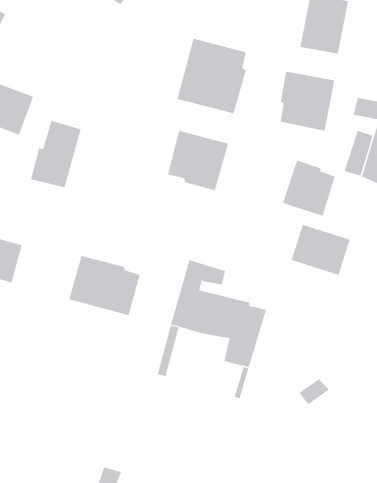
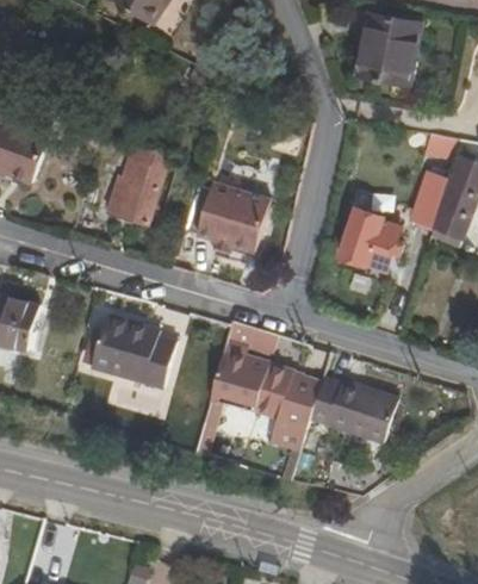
building: [177,38,246,114] -> none
building: [280,71,335,132] -> none
building: [30,120,82,188] -> [104,144,163,223]
building: [291,224,350,275] -> [328,383,397,442]

